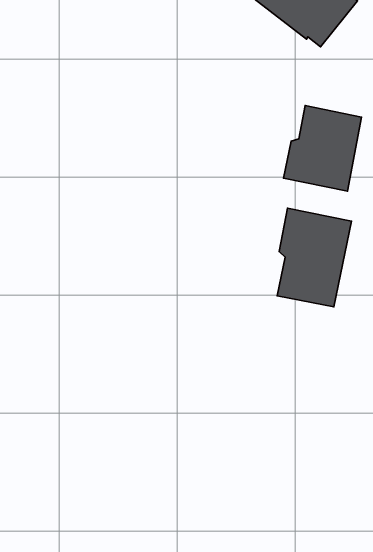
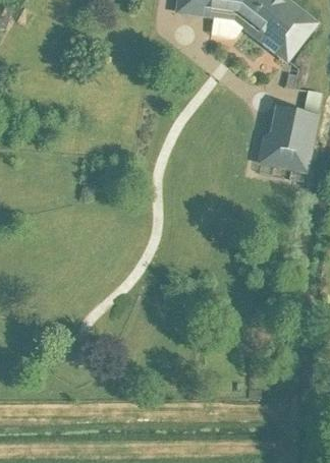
building: [277,208,352,307] -> none

